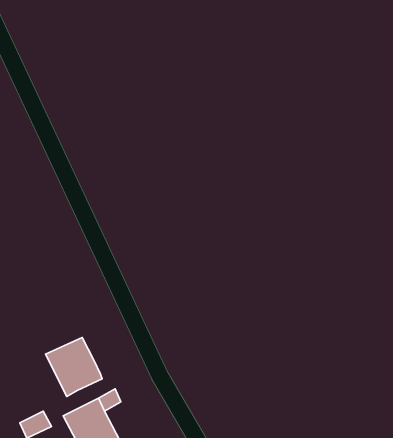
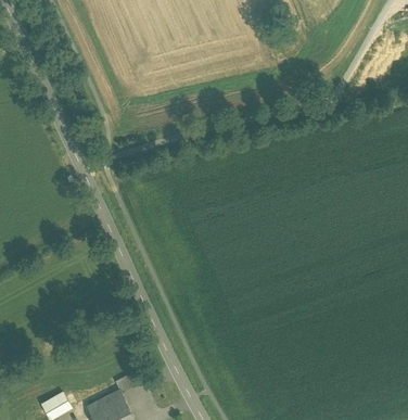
building: [46,337,102,396] -> none

